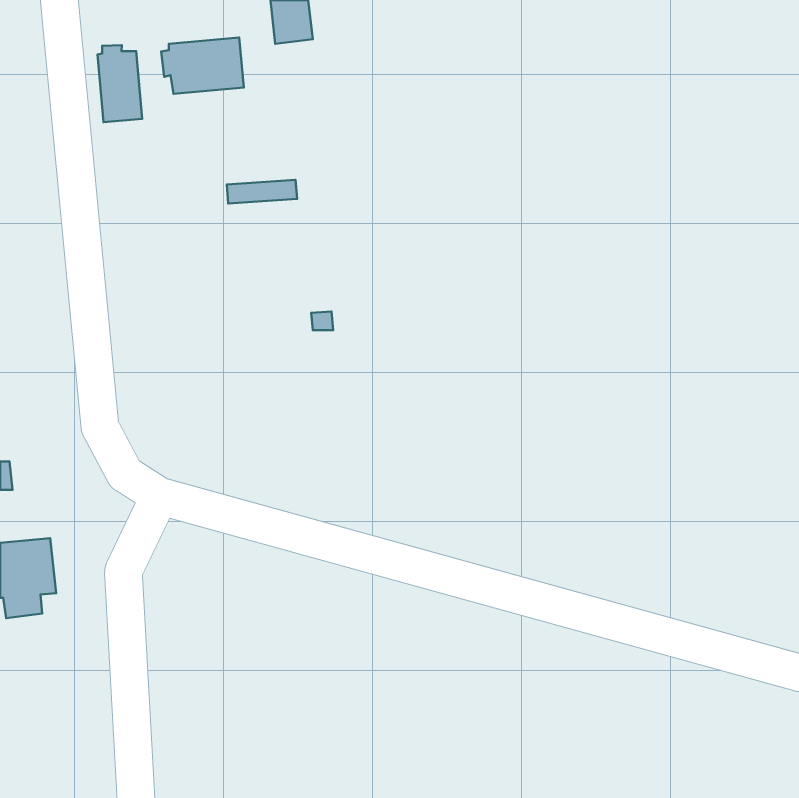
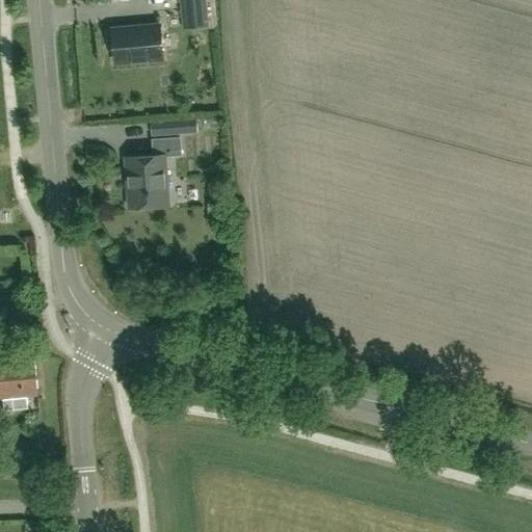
building: [98,45,142,122] -> none
building: none -> [125,138,181,209]

